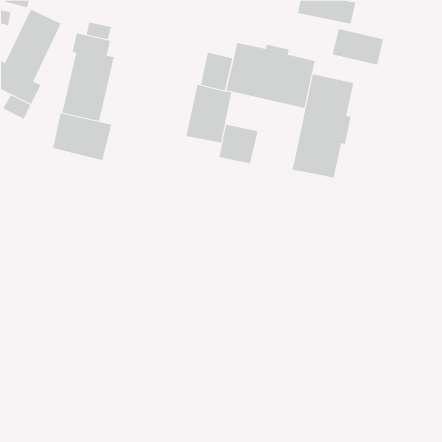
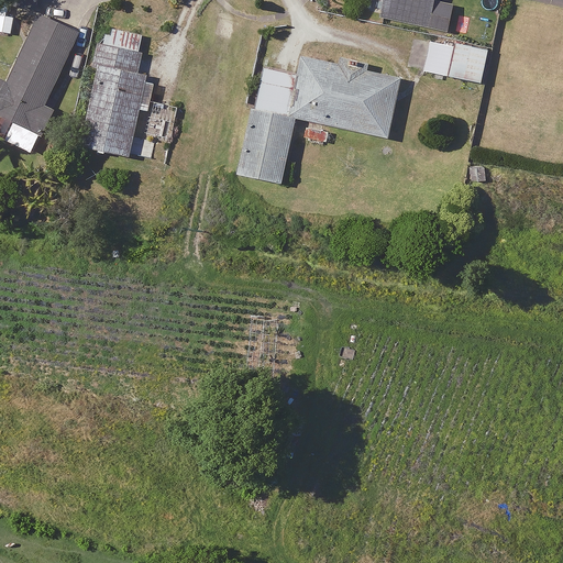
building: [292,74,354,179] -> none
building: [52,112,112,161] -> none
building: [219,124,258,164] -> none

